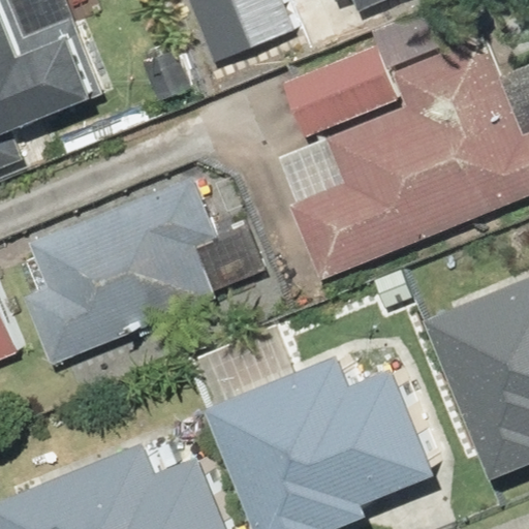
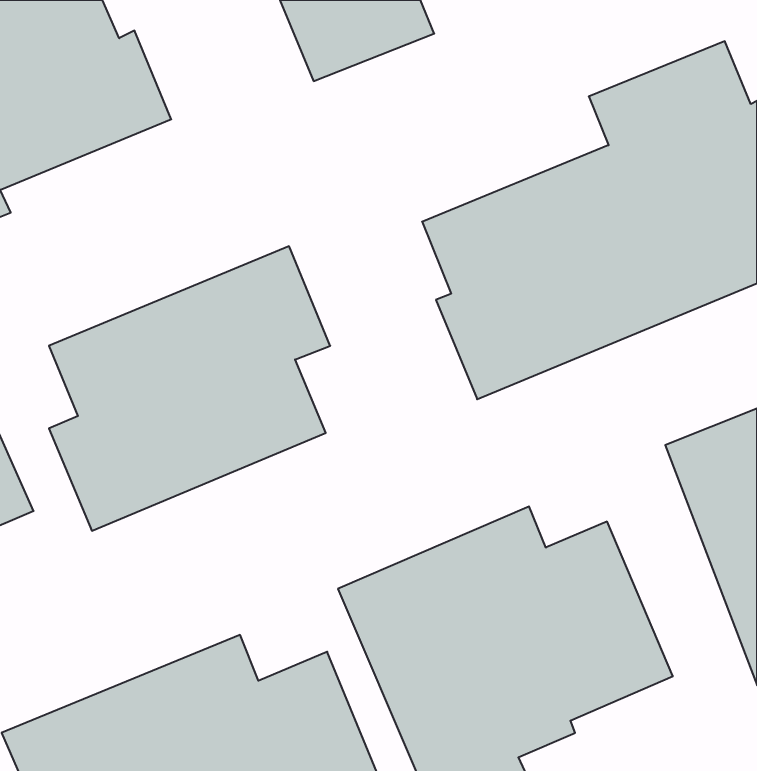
building: [285,15,431,134] -> none

